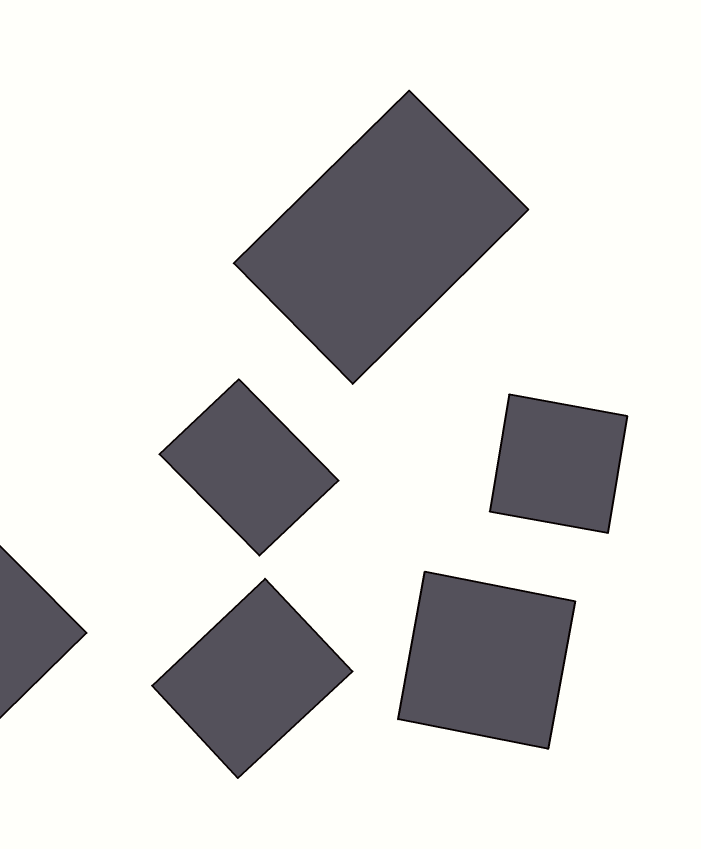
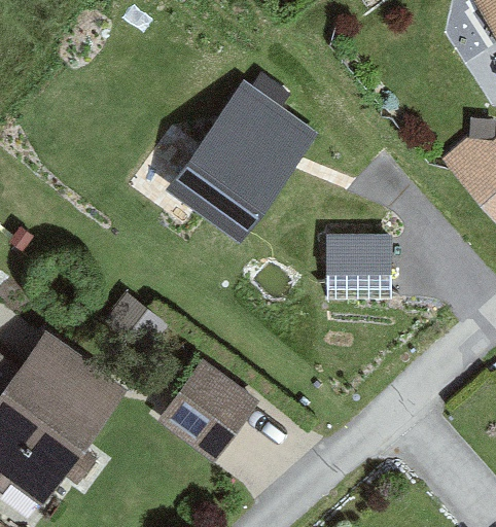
building: [159,379,339,556] -> none
building: [398,572,575,749] -> none

